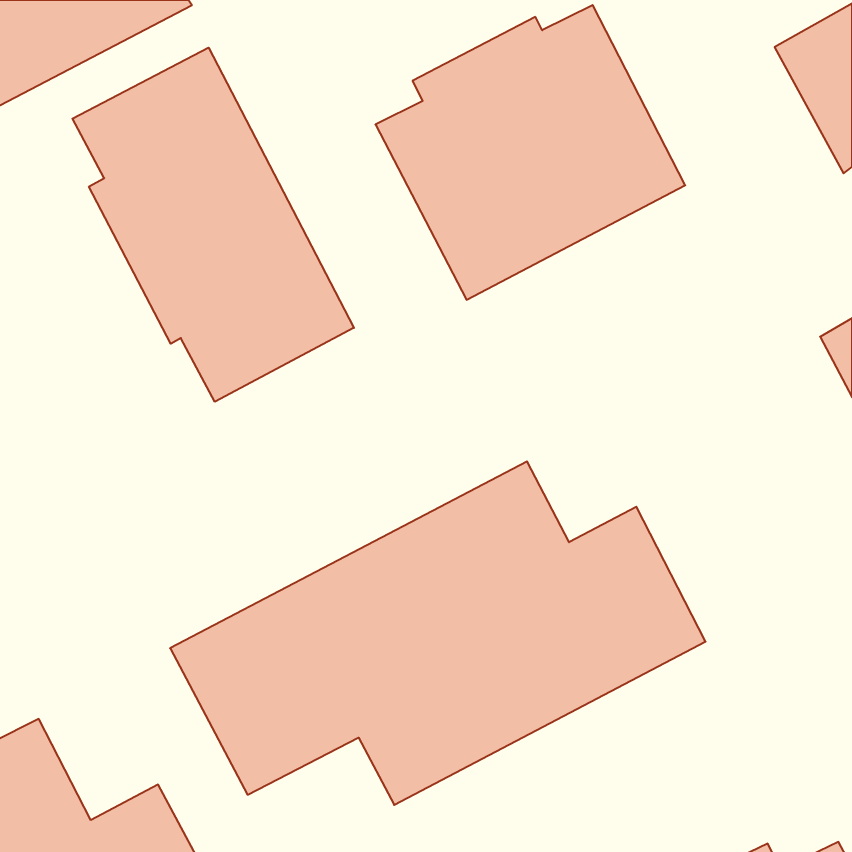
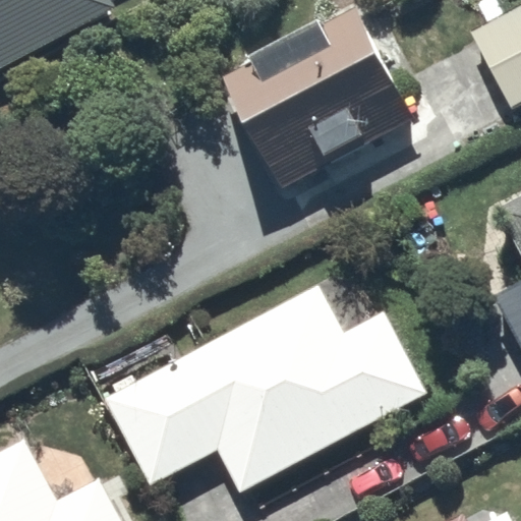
building: [72,48,354,402] -> none

